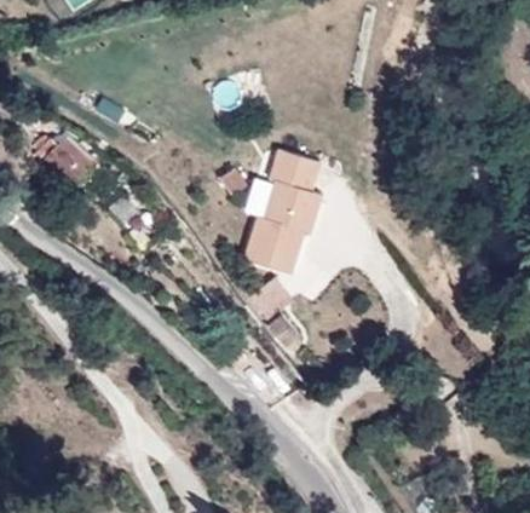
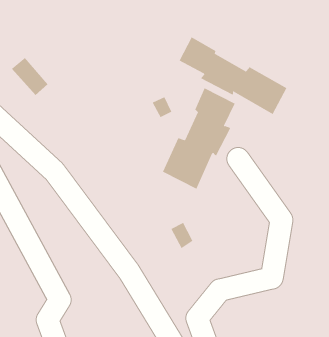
building: none -> [179,37,287,115]

